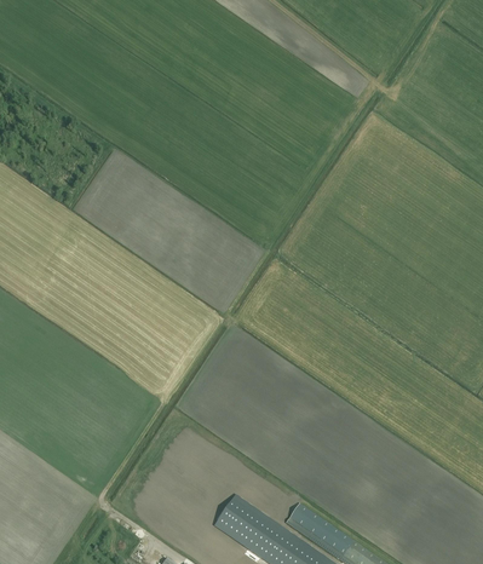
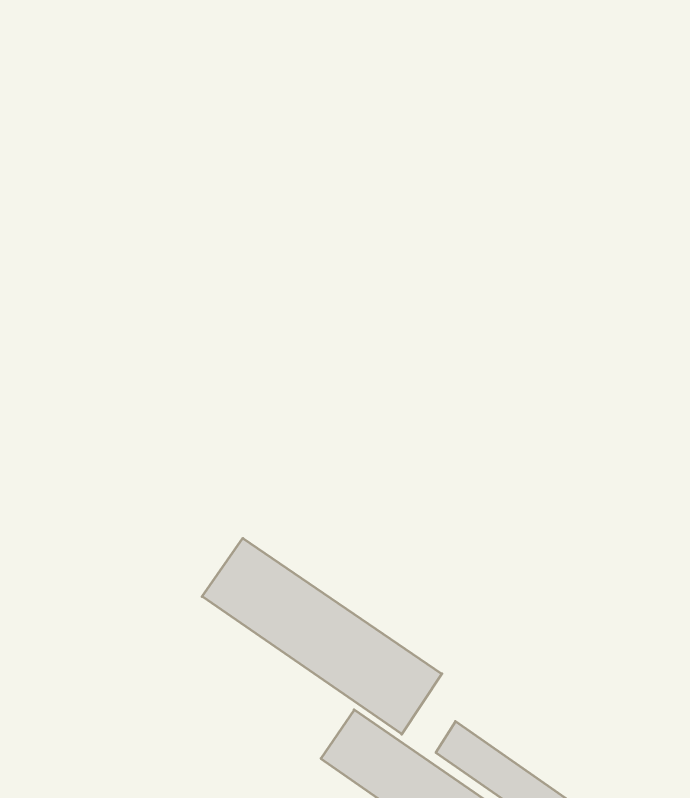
building: none -> [202,538,442,734]

